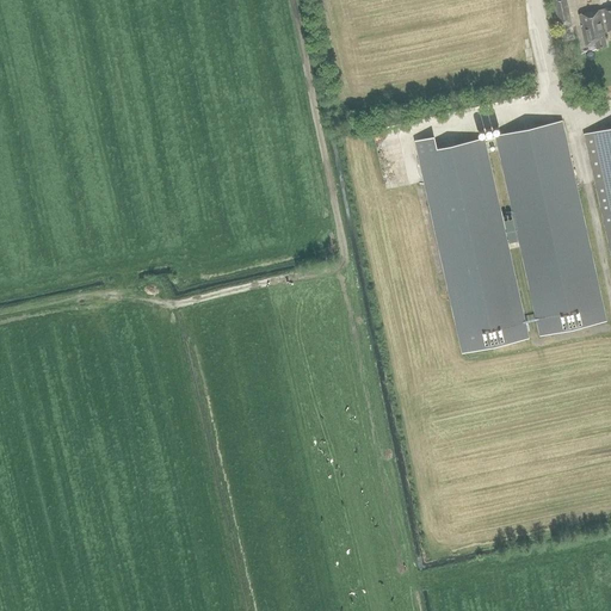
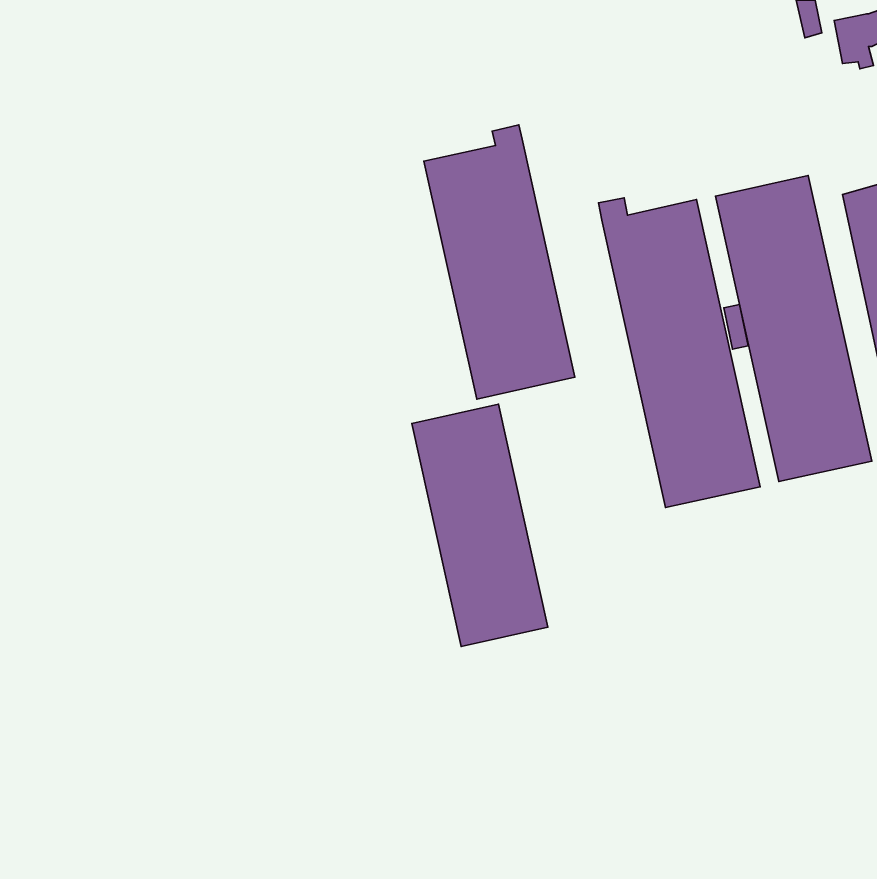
building: none -> [424,125,575,399]
building: none -> [412,404,548,646]

